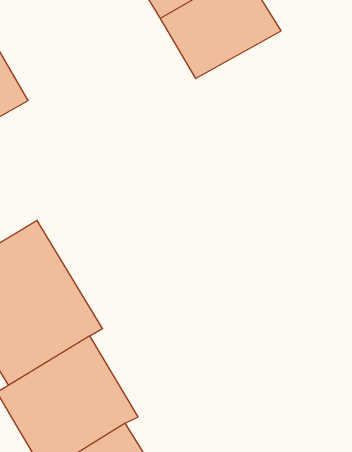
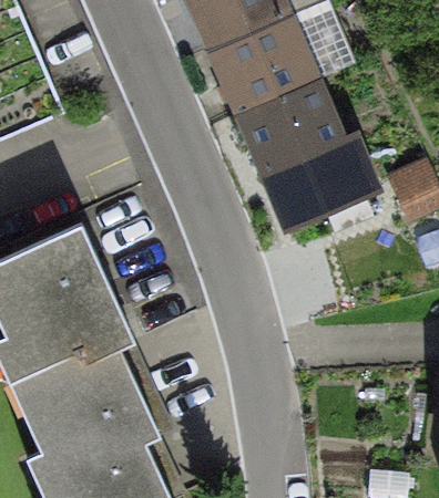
building: none -> [244,74,375,205]

